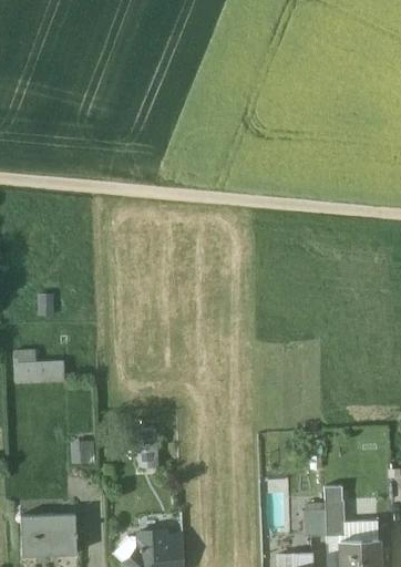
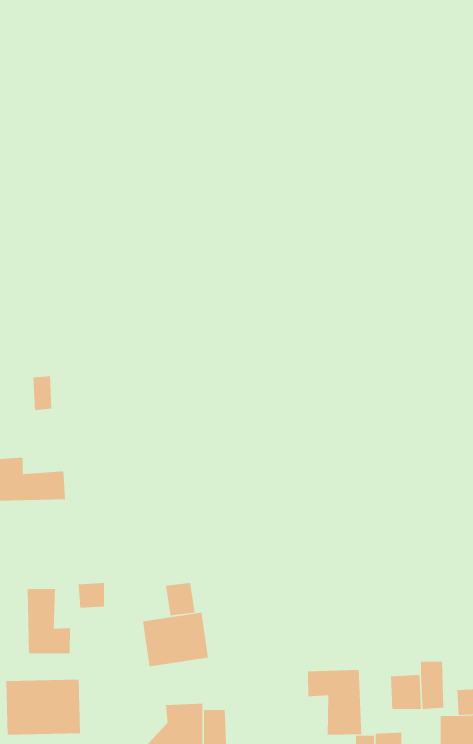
building: none -> [27,588,71,654]
building: none -> [142,612,209,667]
building: none -> [308,669,362,736]

